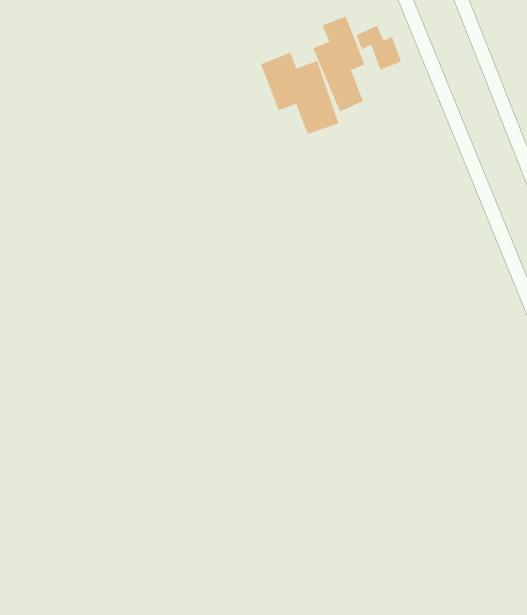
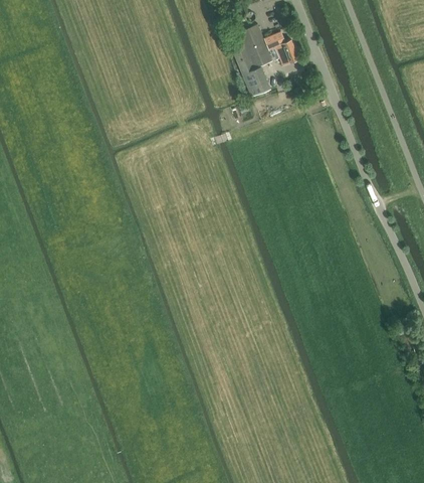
building: [260,52,339,135] -> none

